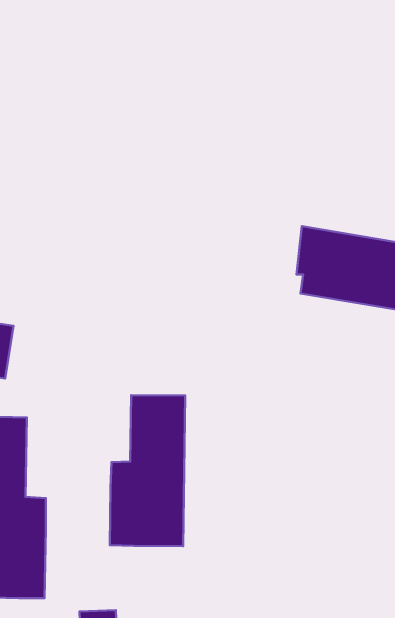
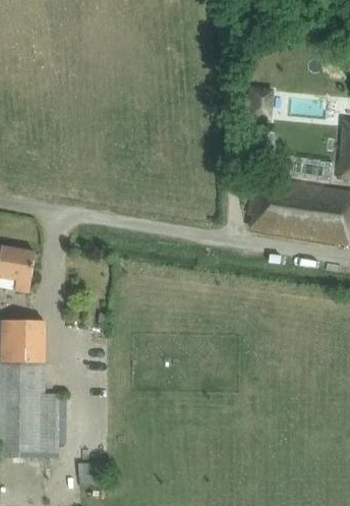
building: [110,395,185,546] -> none

